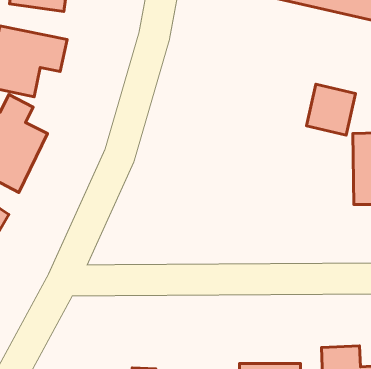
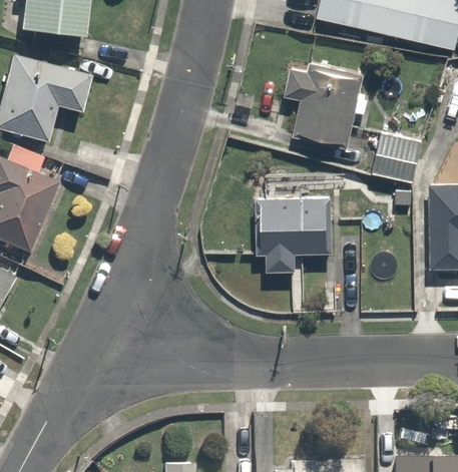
building: none -> [284,61,364,147]
building: none -> [252,199,328,272]

